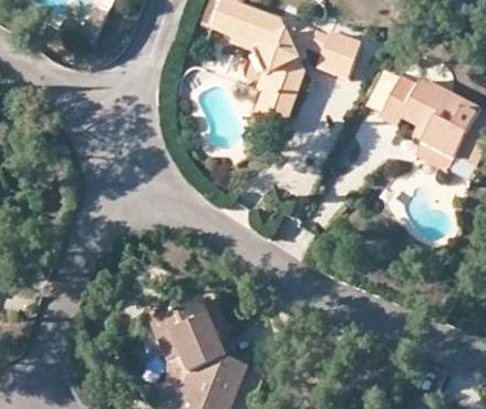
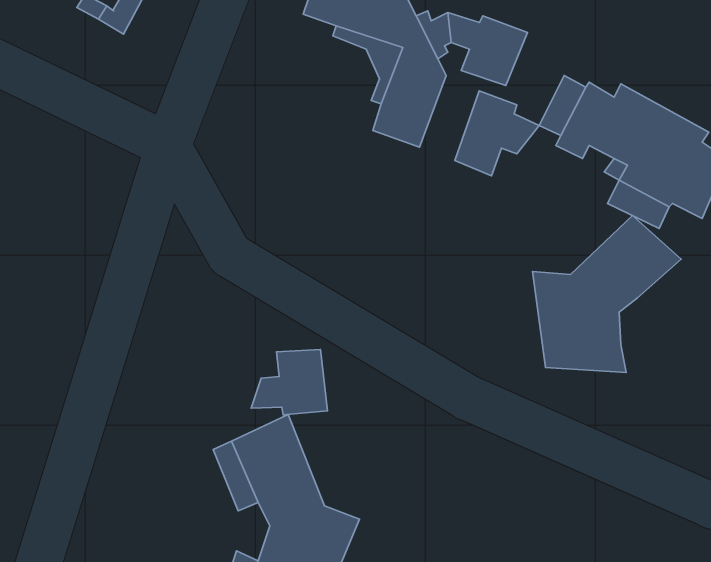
building: none -> [455,91,539,176]
building: none -> [532,216,681,372]
building: none -> [251,350,328,415]

